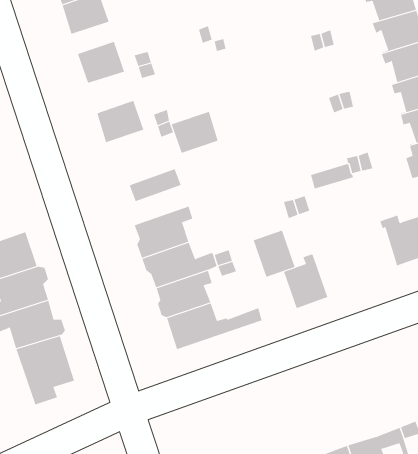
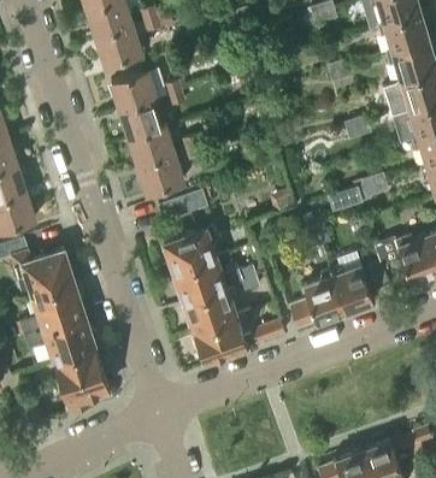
building: none -> [120,100,164,138]
building: [171,111,219,154] -> [137,154,182,194]
building: [253,230,295,277] -> [334,266,373,311]

